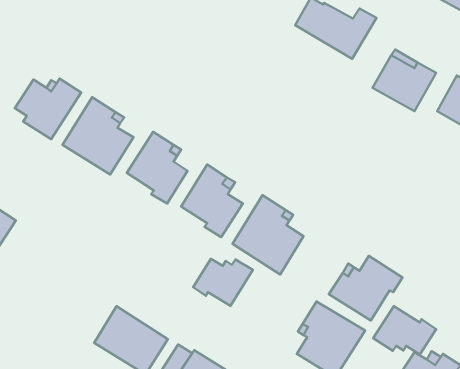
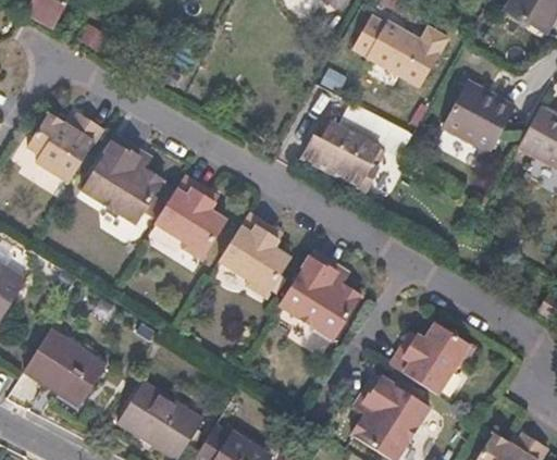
building: none -> [299,124,376,188]
building: [193,259,253,306] -> none
building: none -> [23,328,104,402]
building: [373,306,436,354] -> none

